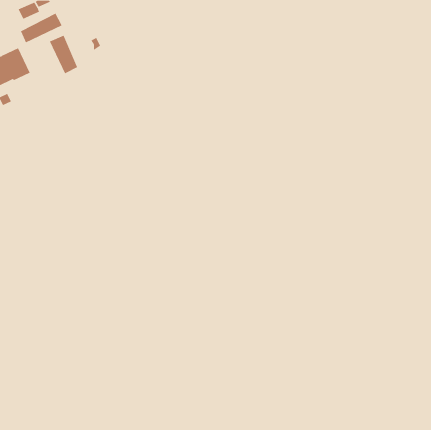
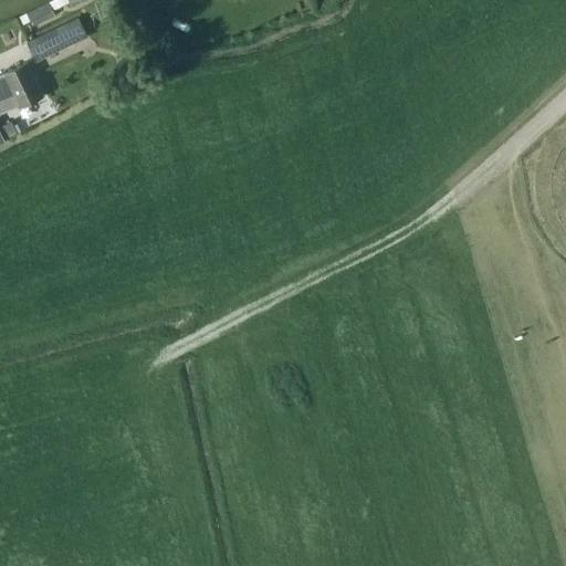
building: [49,35,78,74] -> none

